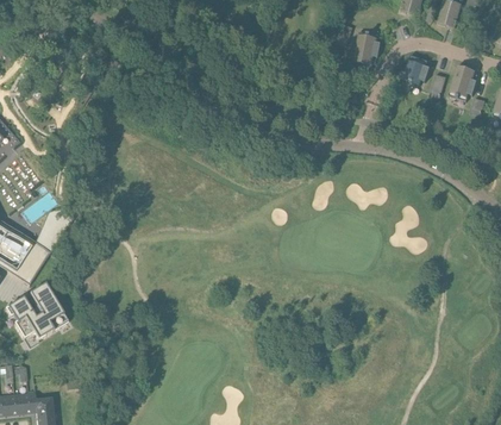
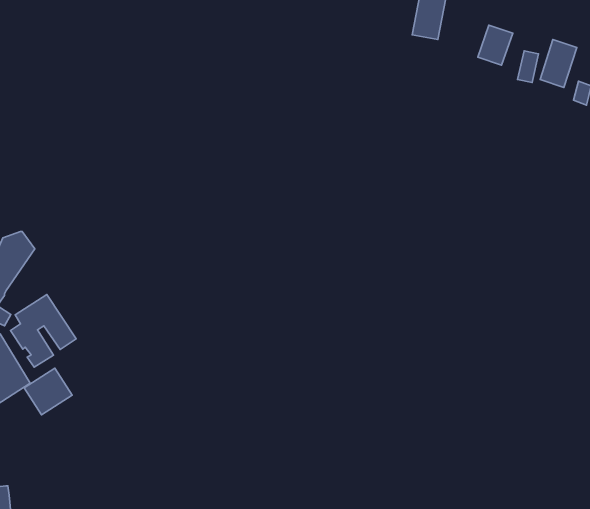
building: none -> [11,294,76,367]
building: none -> [24,368,72,415]

